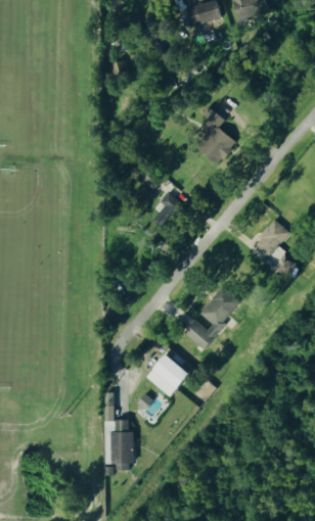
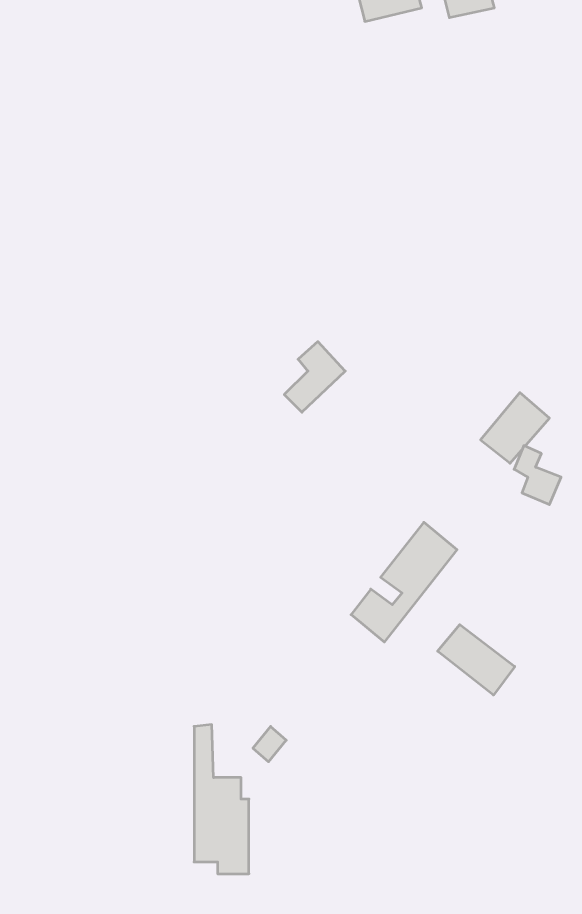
building: [196,126,233,162] -> none
building: none -> [438,625,515,695]
building: [146,352,190,396] -> none

